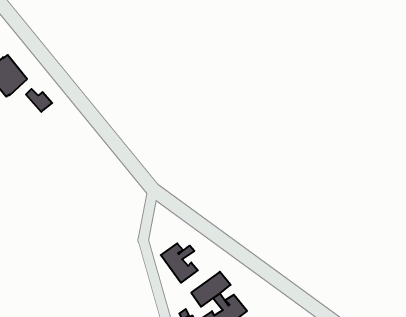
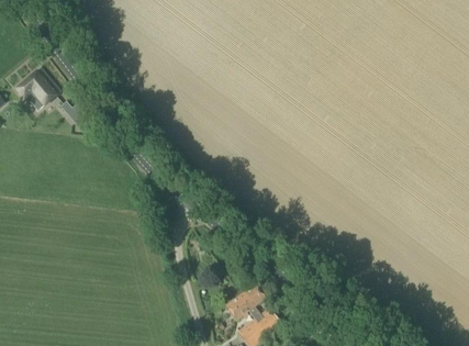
building: [161,243,198,283] -> none

